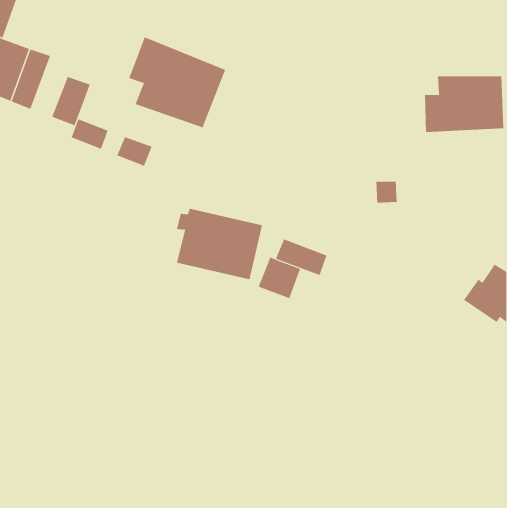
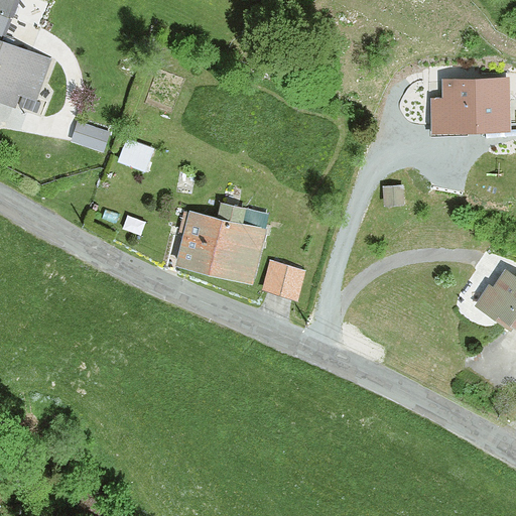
building: [129,36,226,128] -> none
building: [52,76,90,126] -> none
building: [275,238,327,276] -> none

